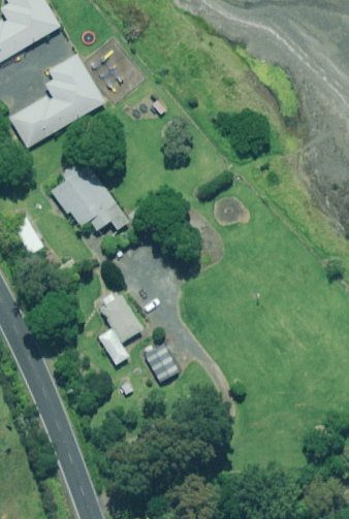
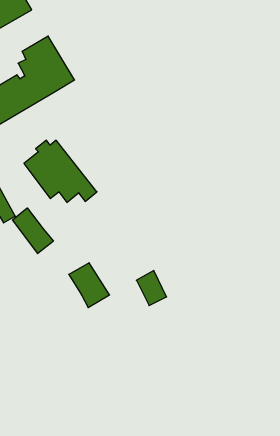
building: none -> [12,208,53,254]
building: [99,330,128,364] -> none
building: [146,345,178,382] -> [136,271,167,306]

